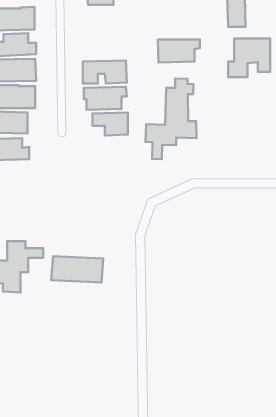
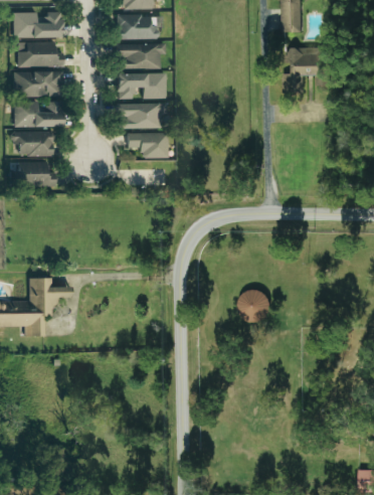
building: none -> [120,15,163,39]
building: [158,39,200,62] -> [118,43,166,69]
building: [146,79,196,159] -> none
building: none -> [240,290,269,320]
building: [51,256,103,283] -> none

